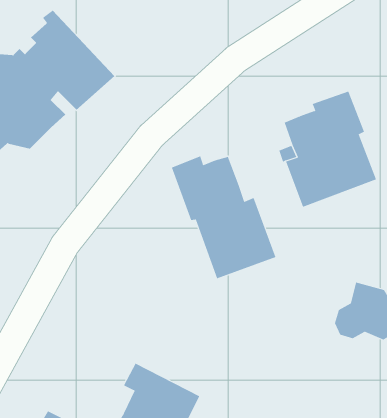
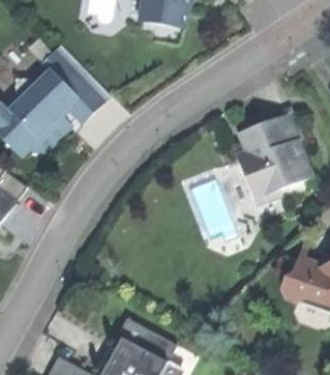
building: [171,156,276,279] -> none

